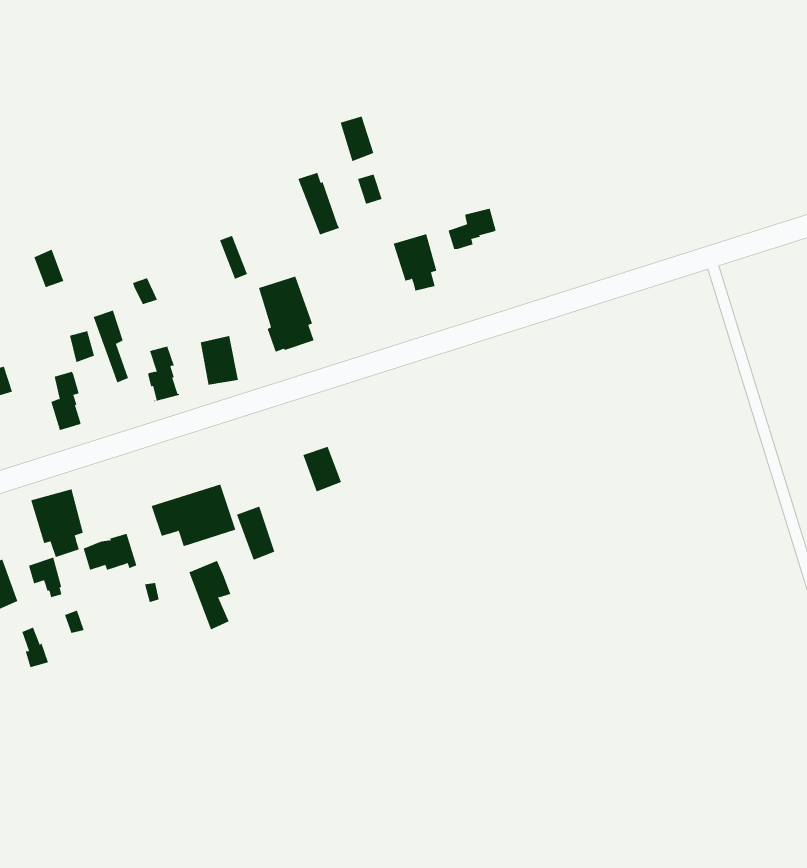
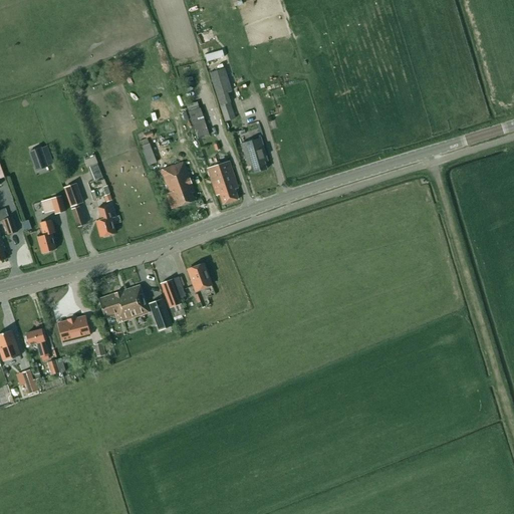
building: [448,207,496,250] -> none
building: none -> [207,161,238,204]
building: [200,335,238,386] -> none
building: [30,488,84,558] -> none
building: [188,560,231,630] -> [161,276,186,317]

